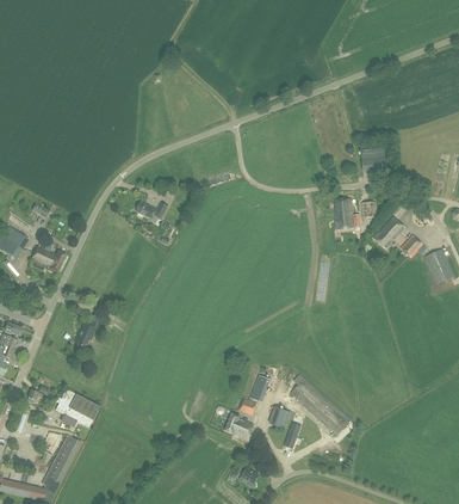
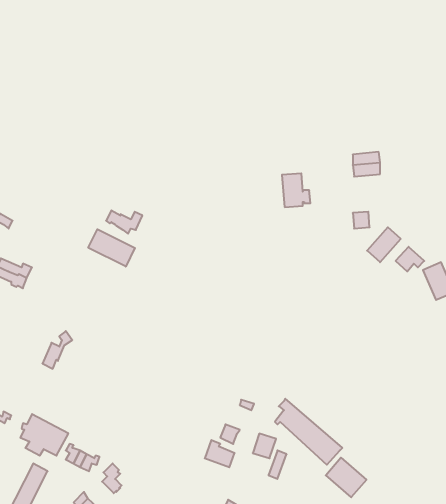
building: [333,198,359,229] -> [282,173,310,207]
building: none -> [88,229,135,267]
building: none -> [326,458,366,497]

